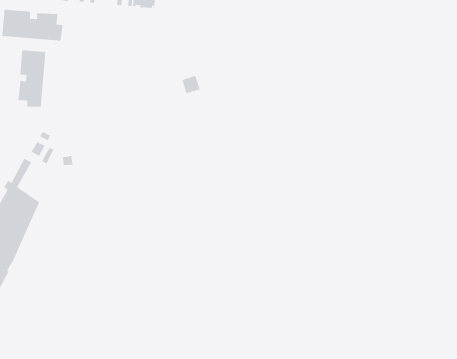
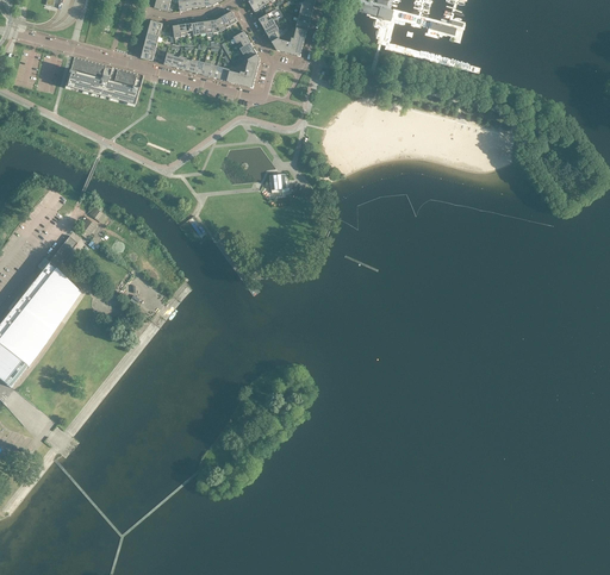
building: [17,49,46,108] -> none

